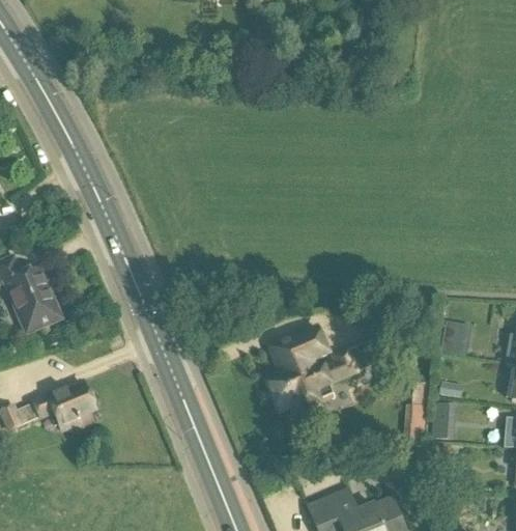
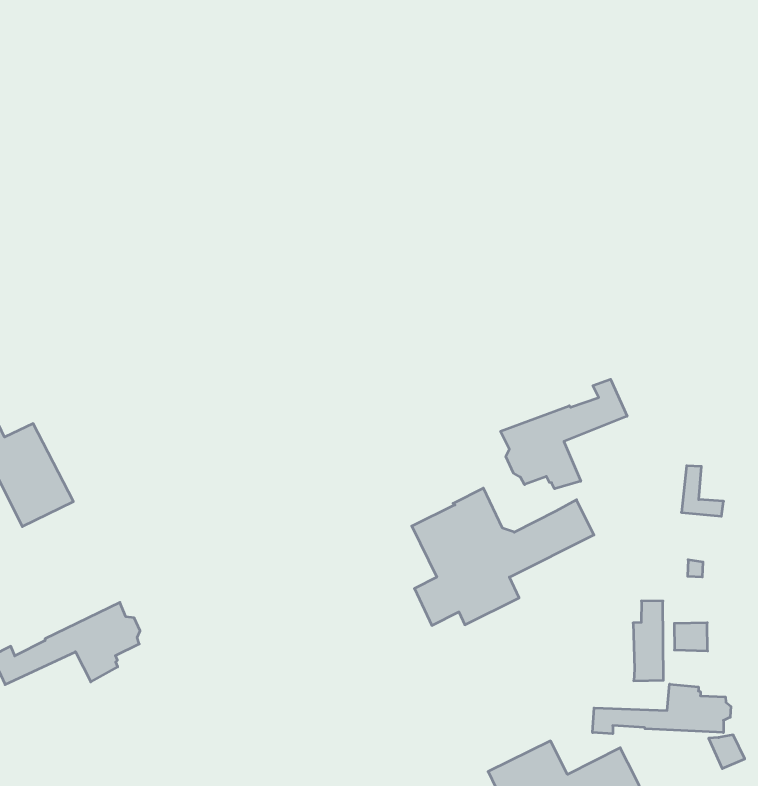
building: none -> [501,379,627,489]
building: none -> [593,684,731,734]

